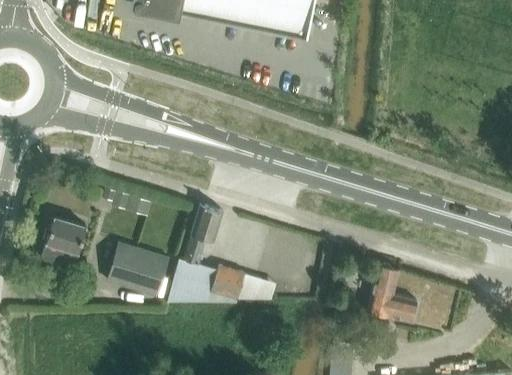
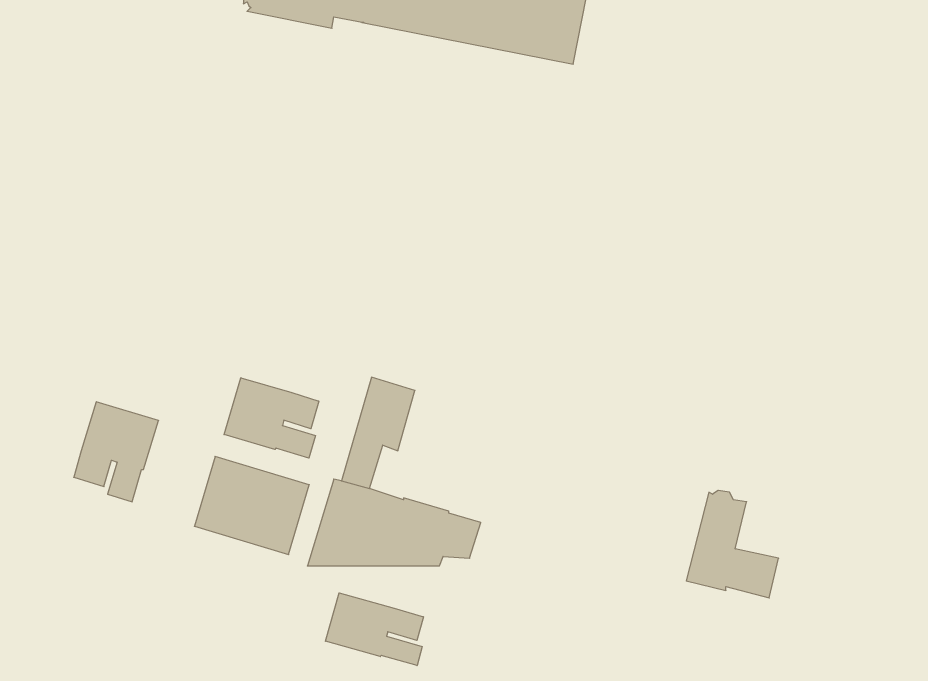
building: none -> [224,378,319,458]
building: none -> [325,593,423,666]

